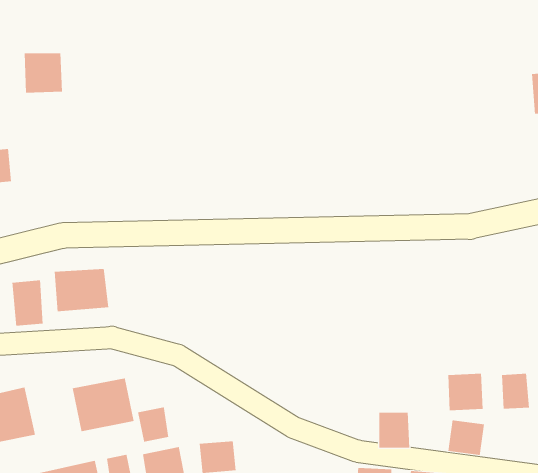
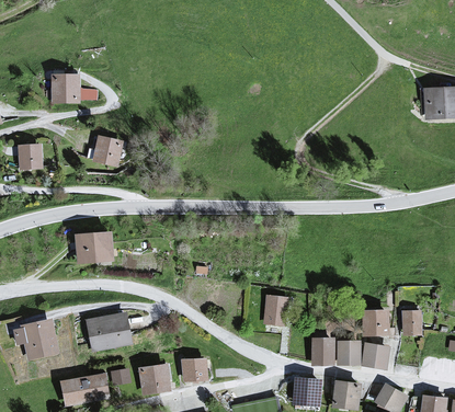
building: none -> [93,136,122,165]
building: [12,280,43,326] -> none
building: none -> [263,295,287,325]
building: [138,406,169,443] -> none
building: none -> [337,340,361,365]

